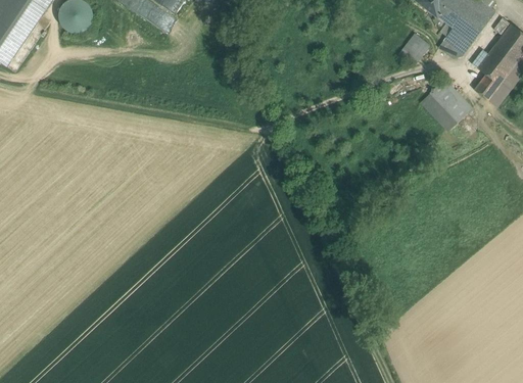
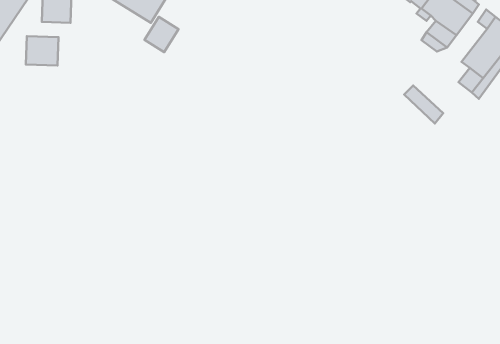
building: none -> [144,17,179,52]
building: [398,34,429,65] -> none
building: none -> [26,36,59,65]
building: [429,78,473,121] -> none

